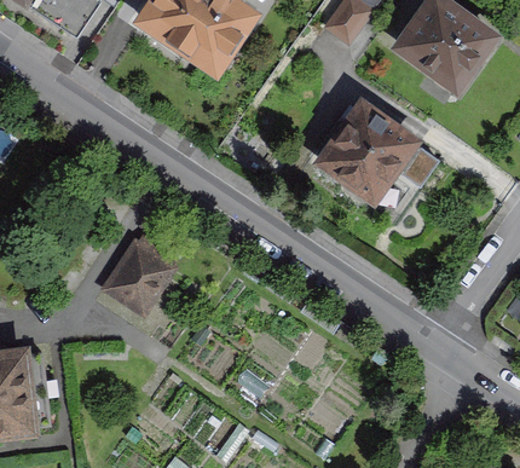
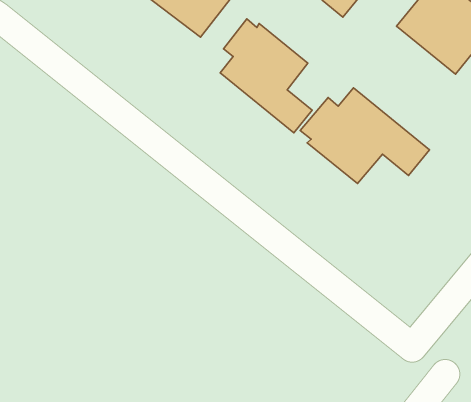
building: none -> [220,19,312,133]
building: [99,236,179,319] -> none

